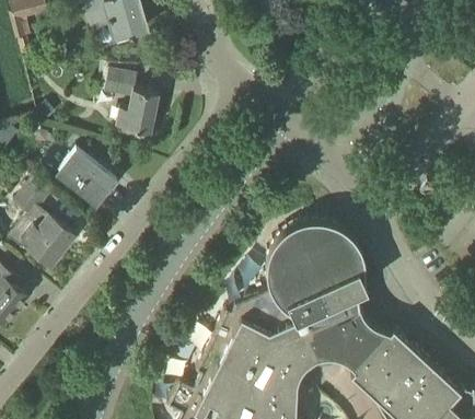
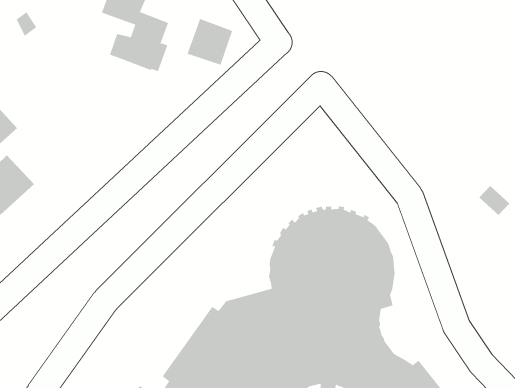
building: none -> [187,18,233,66]
building: [59,150,117,205] -> none

